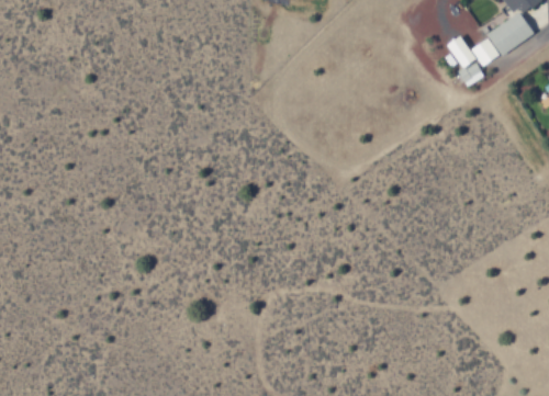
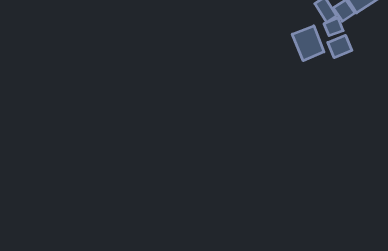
building: none -> [292,26,324,61]
building: none -> [328,35,352,58]

